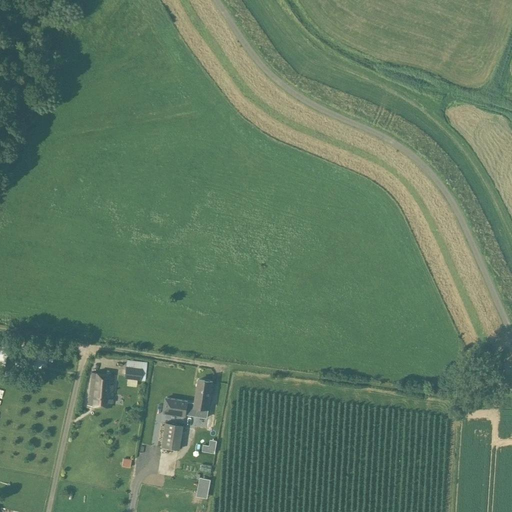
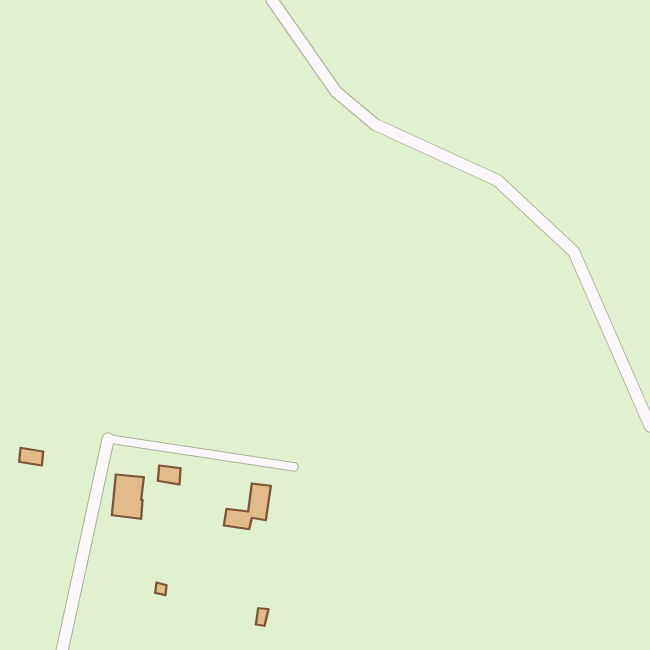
building: [162,422,182,449] -> none

